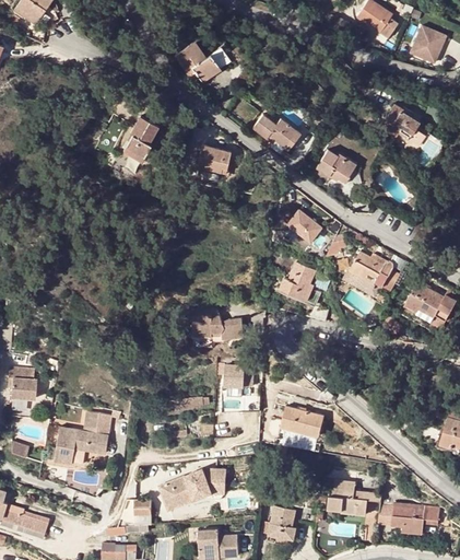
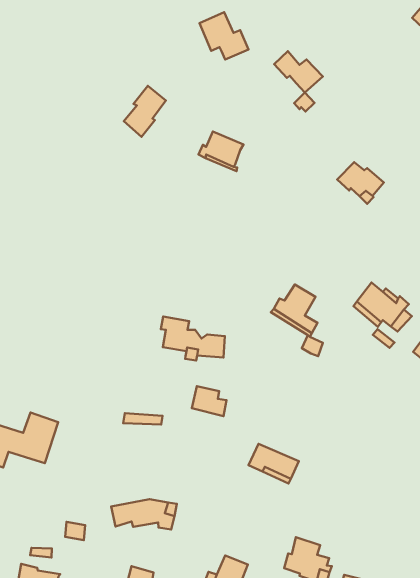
building: [253,114,297,147] -> [274,51,323,92]
building: [285,207,322,243] -> none
building: [160,481,225,514] -> none

